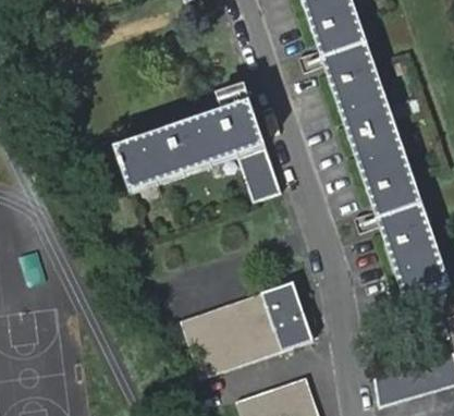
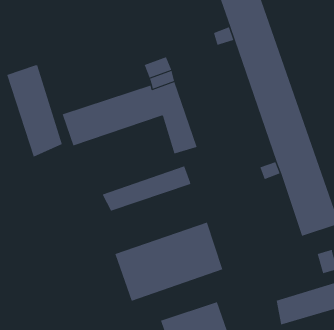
building: none -> [7,64,62,157]
building: none -> [102,166,191,212]

